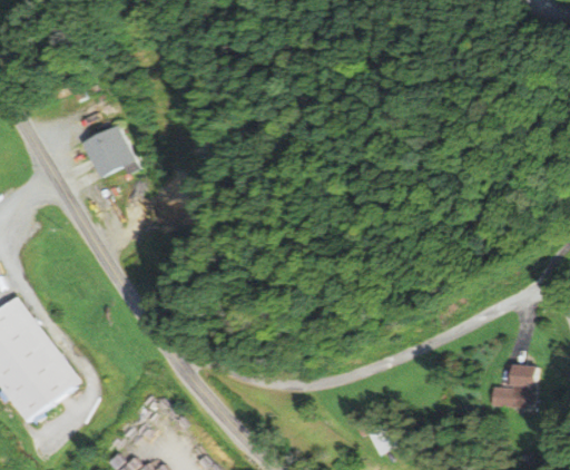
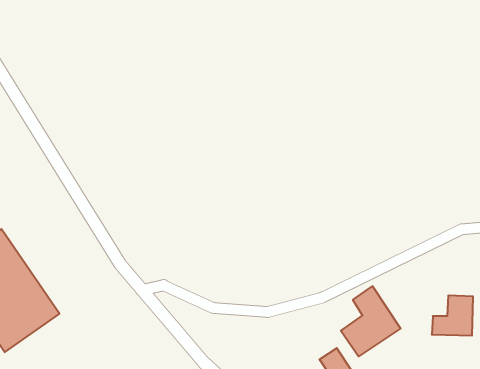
building: [89,123,150,177] -> none
building: none -> [341,286,401,356]

